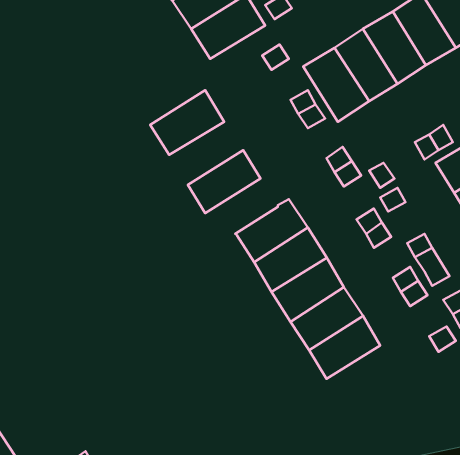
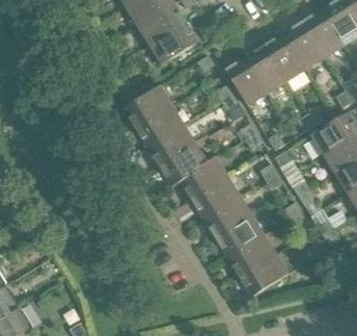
building: none -> [136,106,185,148]
building: none -> [160,144,208,186]
building: none -> [240,254,287,295]

